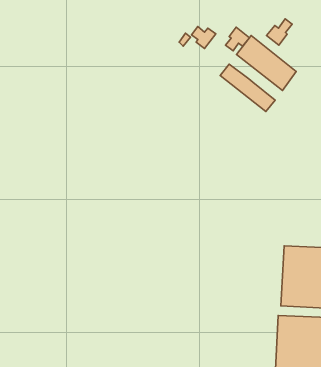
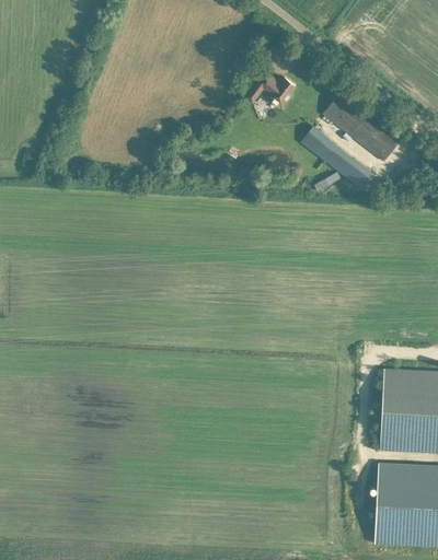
building: [267,19,292,45] -> none
building: [225,27,249,51] -> none

